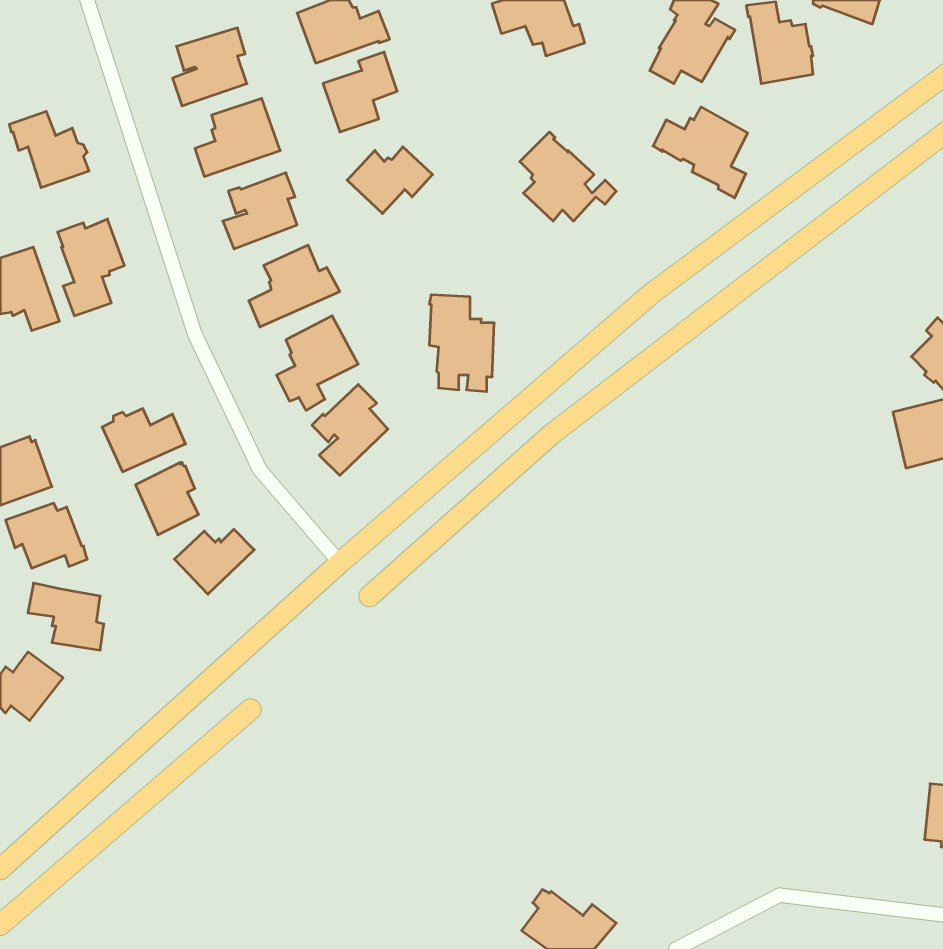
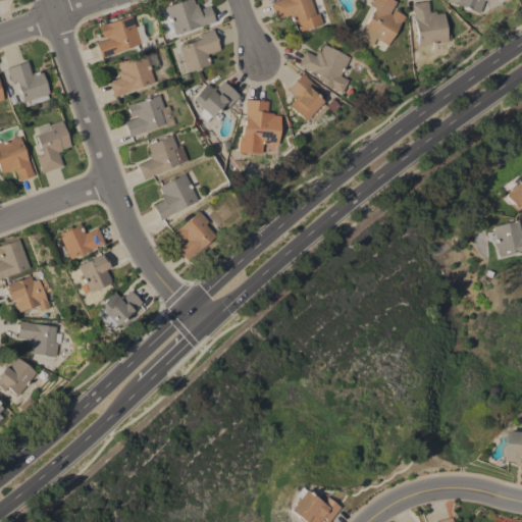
building: [653,107,748,198] -> [300,44,352,94]
building: [429,295,494,392] -> [247,100,282,153]

